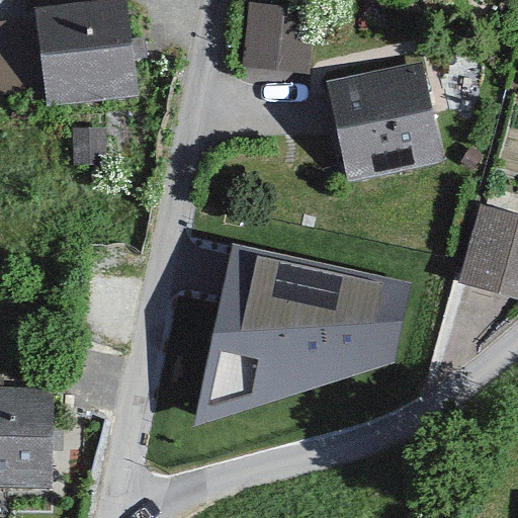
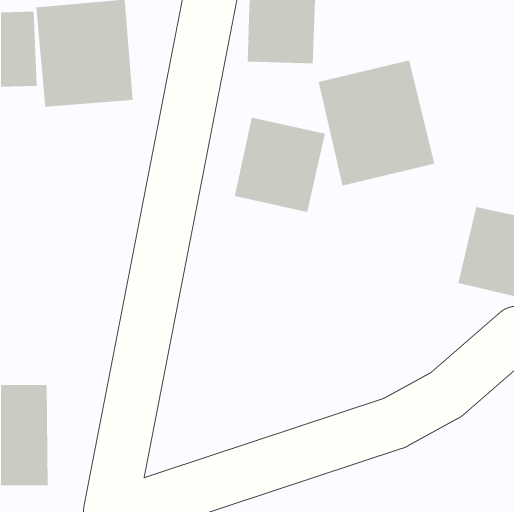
building: none -> [234,117,325,213]
building: [208,251,403,406] -> none

